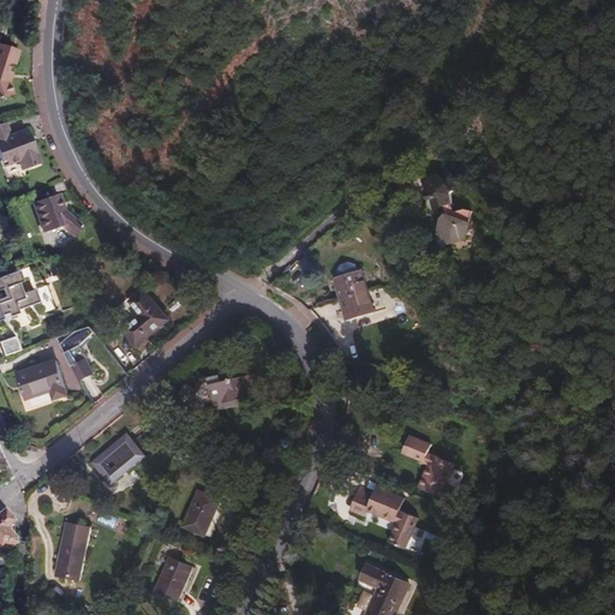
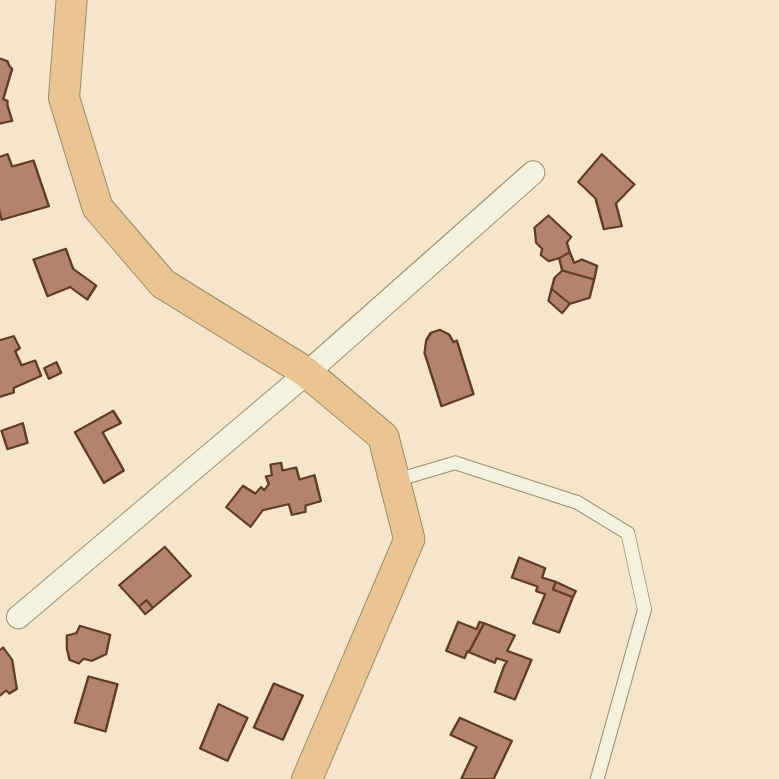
building: none -> [578,154,635,229]
building: [123,292,167,346] -> none
building: [14,359,65,399] -> none
building: [186,489,225,533] -> [254,683,303,740]
building: none -> [67,626,110,663]

